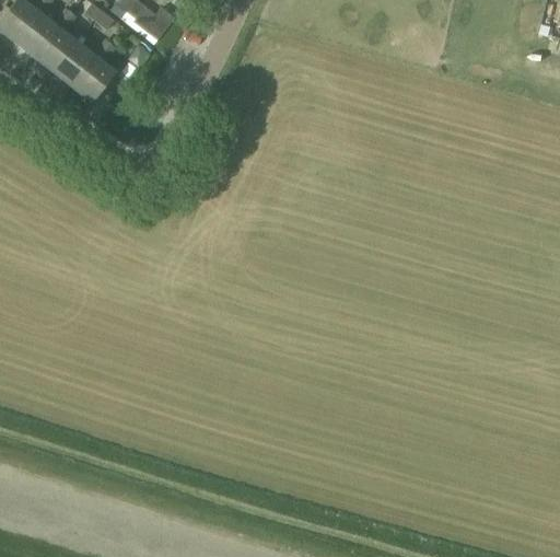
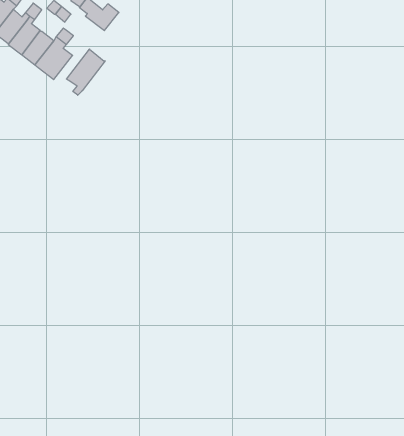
building: none -> [66,49,105,95]

